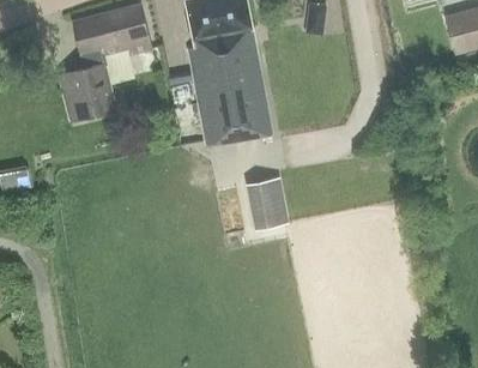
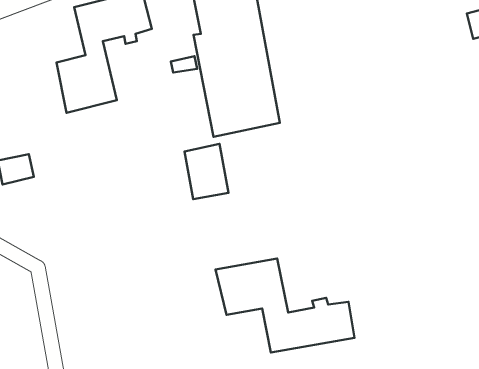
building: [244,176,286,229] -> [184,144,228,199]
building: none -> [215,258,355,352]

